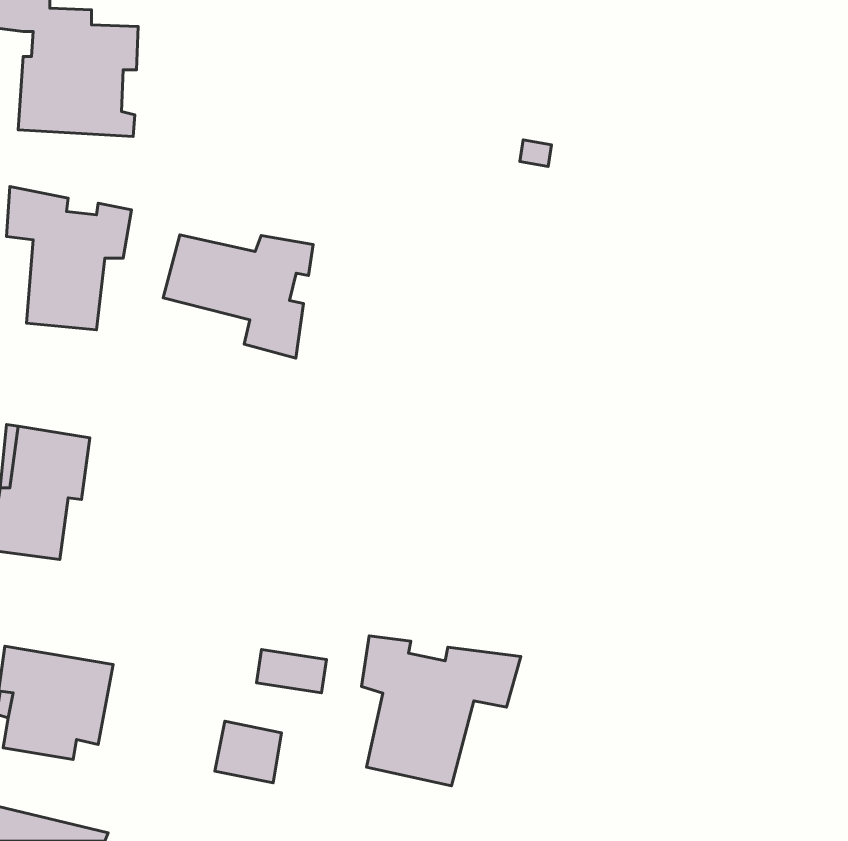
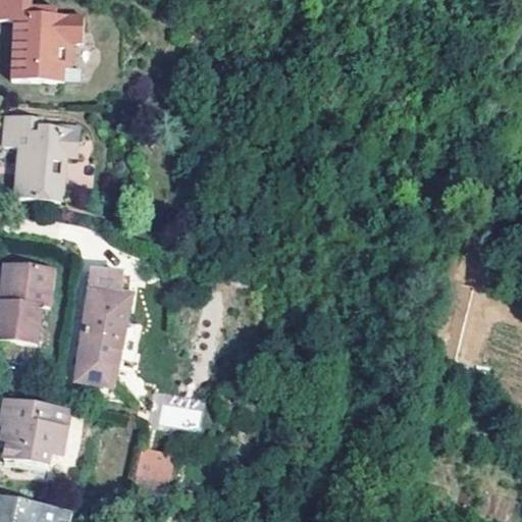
building: [163,235,313,358] -> none
building: none -> [75,270,130,385]
building: [361,636,521,786] -> none

